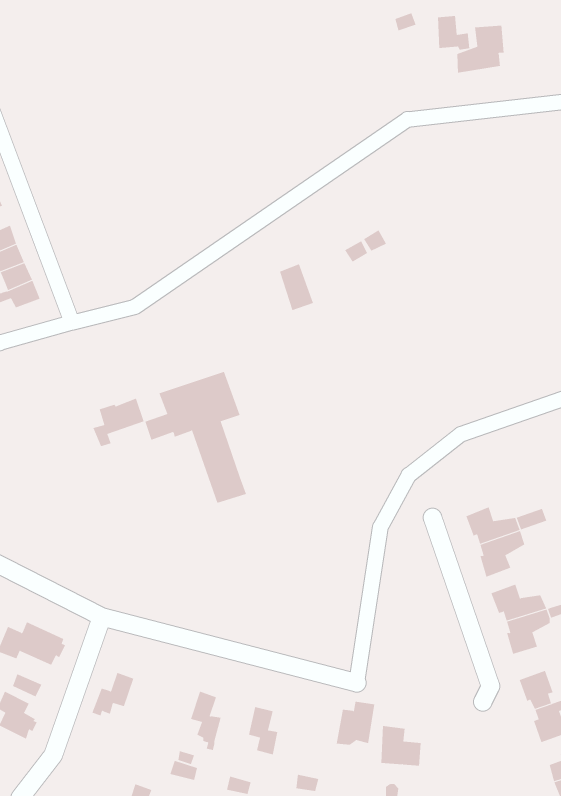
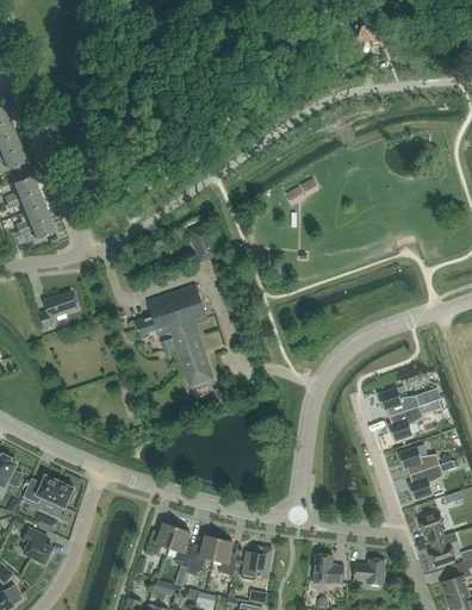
building: [457,25,504,73] -> none
building: [279,264,314,311] -> [190,225,216,261]
building: [92,398,144,447] -> [38,291,77,328]
building: [92,672,134,716] -> [144,522,176,555]
building: [336,701,375,745] -> [242,546,272,579]
building: none -> [187,535,218,574]
building: none -> [354,559,385,584]

